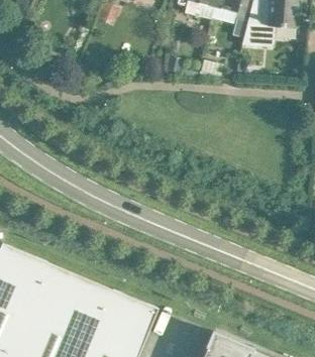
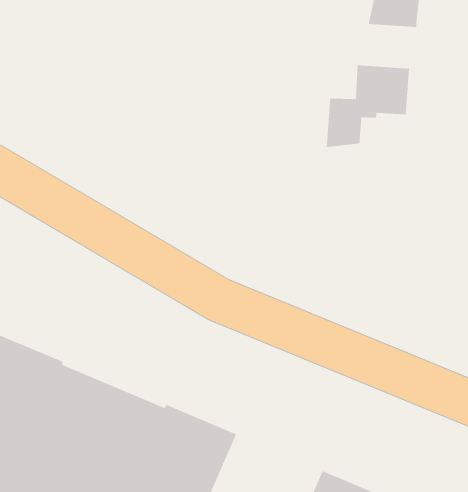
building: none -> [326,64,409,148]

